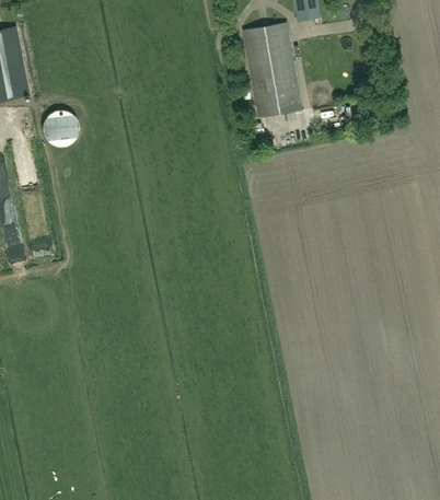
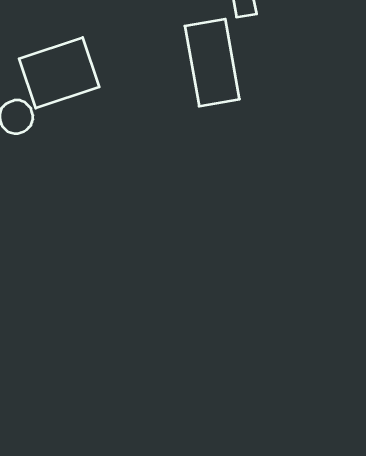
building: none -> [19,37,99,108]

